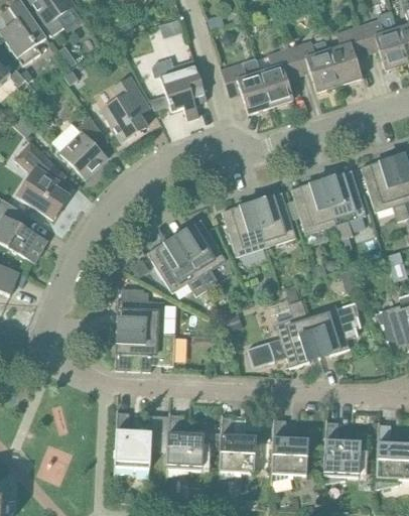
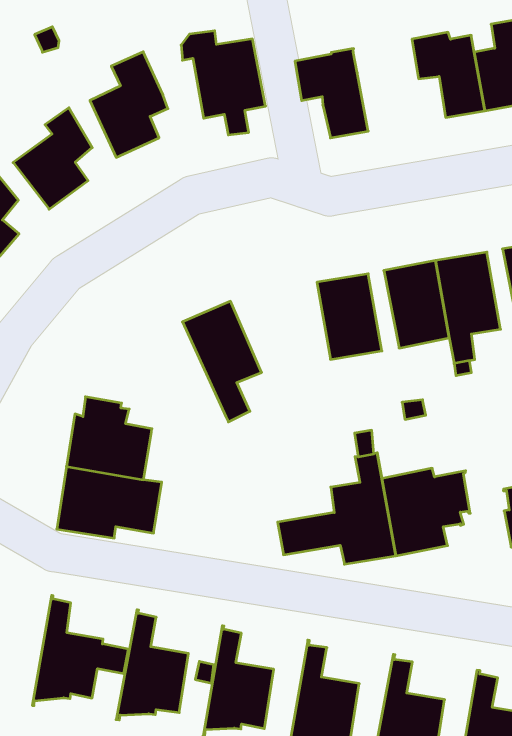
building: [256,47,297,106] -> none
building: [222,201,266,256] -> none
building: [147,235,208,295] -> none

